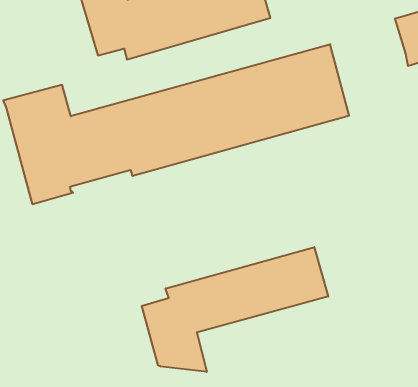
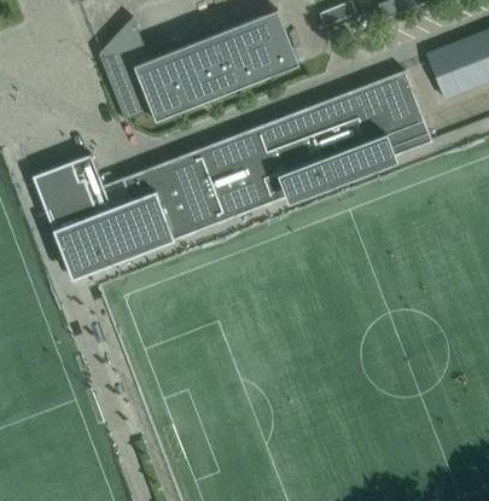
building: none -> [362,70,432,158]
building: [142,247,328,372] -> none

